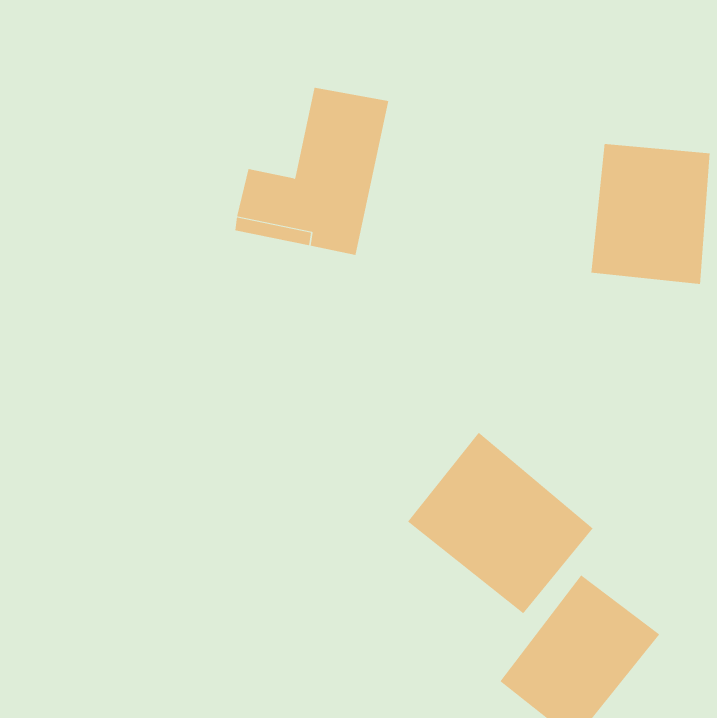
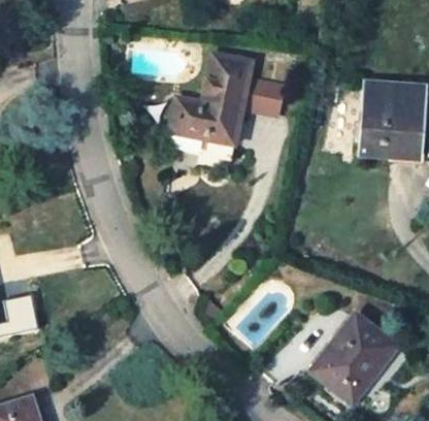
building: none -> [258,76,288,114]
building: [407,432,593,614] -> none

